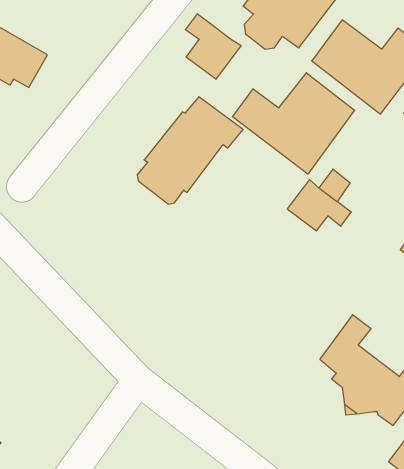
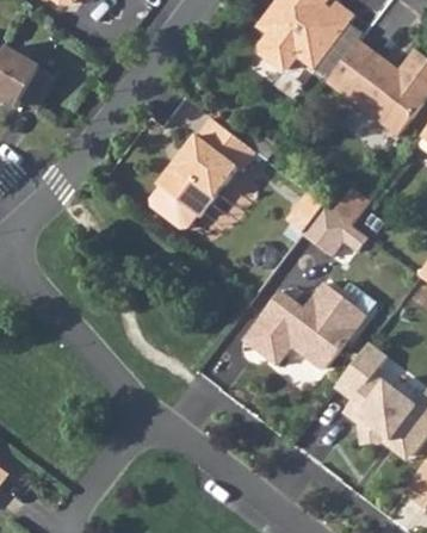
building: [185,14,241,79] -> none
building: [232,73,355,174] -> none
building: none -> [243,281,367,367]

